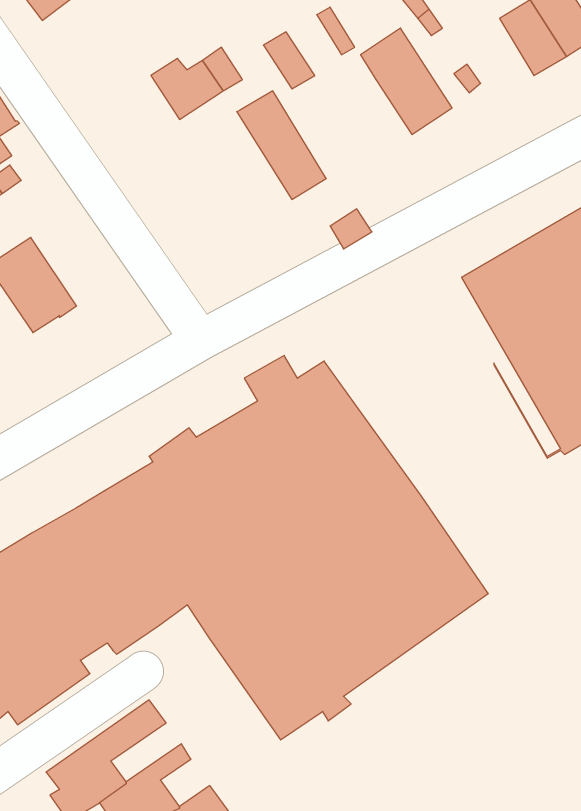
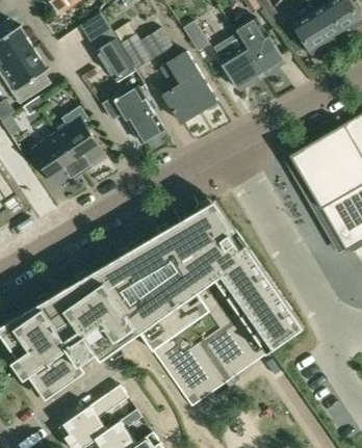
building: none -> [292,12,329,53]
building: none -> [86,23,131,77]
building: none -> [213,38,262,90]
building: none -> [159,63,197,122]
building: none -> [102,83,163,142]
building: none -> [54,105,102,169]

